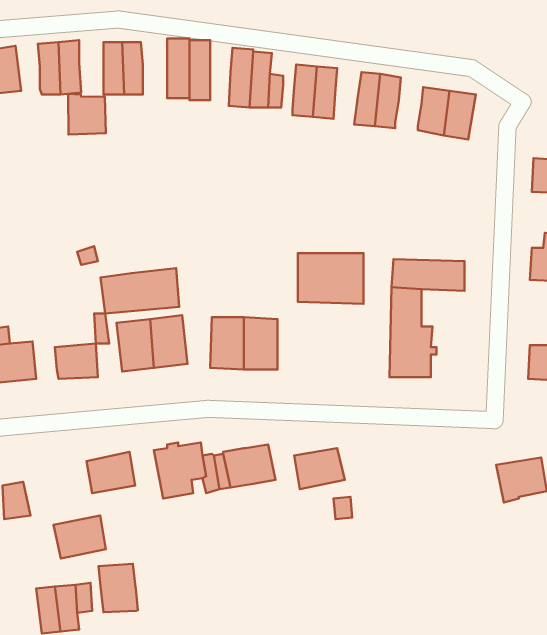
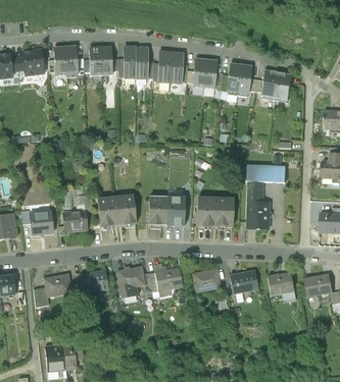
building: [68,94,106,134] -> none
building: [298,253,363,304] -> [196,199,232,226]
building: [101,268,179,313] -> none
building: none -> [229,270,256,292]
building: none -> [266,271,295,293]
building: [53,515,106,558] -> [43,272,71,295]
building: [99,564,138,612] -> none

